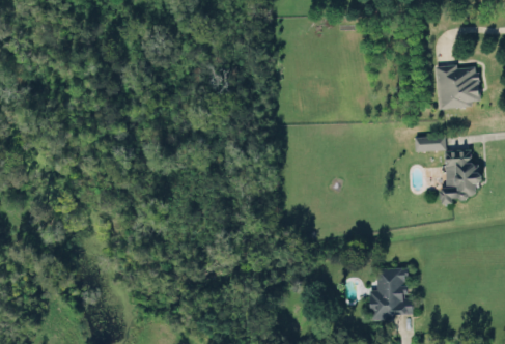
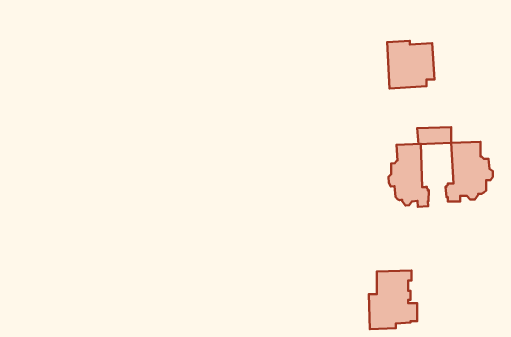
building: [436,65,479,109] -> [387,41,435,88]
building: none -> [388,144,429,207]

